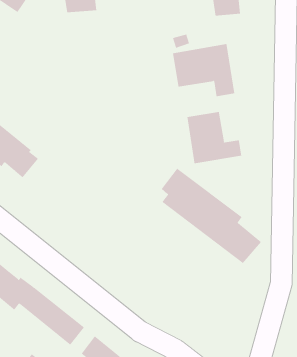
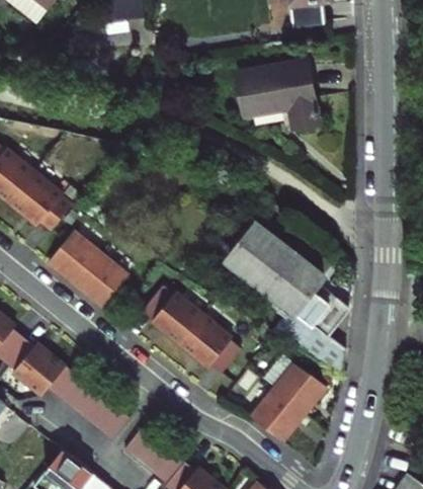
building: [187,111,242,164] -> none
building: none -> [48,232,126,306]
building: none -> [143,286,240,374]
building: none -> [251,364,326,441]

